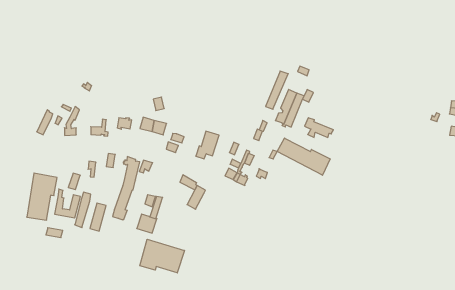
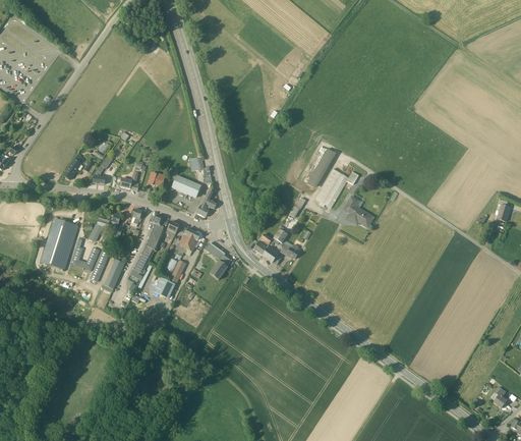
building: [196,131,219,159] -> [173,227,200,256]
building: [277,138,330,175] -> none
building: [140,239,184,273] -> none

